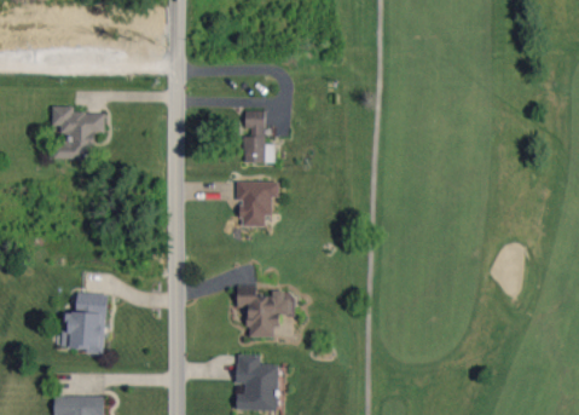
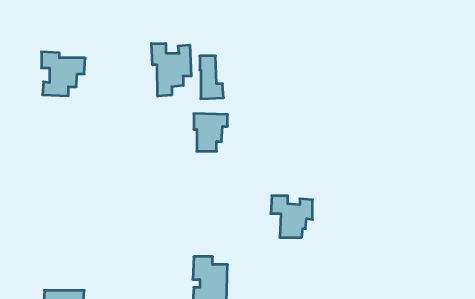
building: none -> [151,43,191,96]
building: [236,286,286,336] -> [271,196,313,237]
building: [62,293,105,351] -> none

